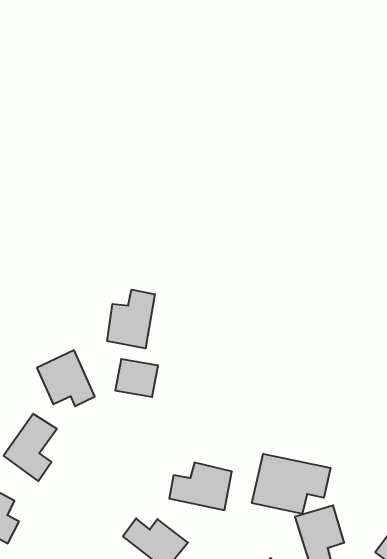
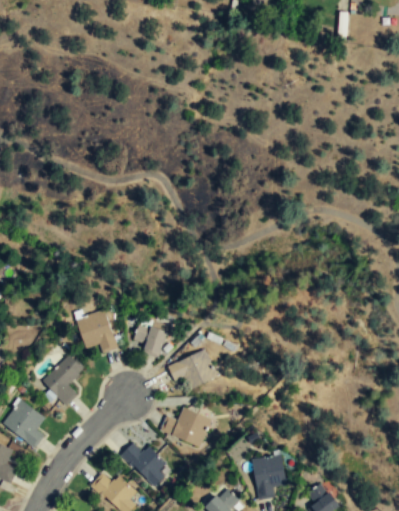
building: [107,290,155,348] -> none
building: none -> [167,350,216,389]
building: [252,454,330,514] -> none

